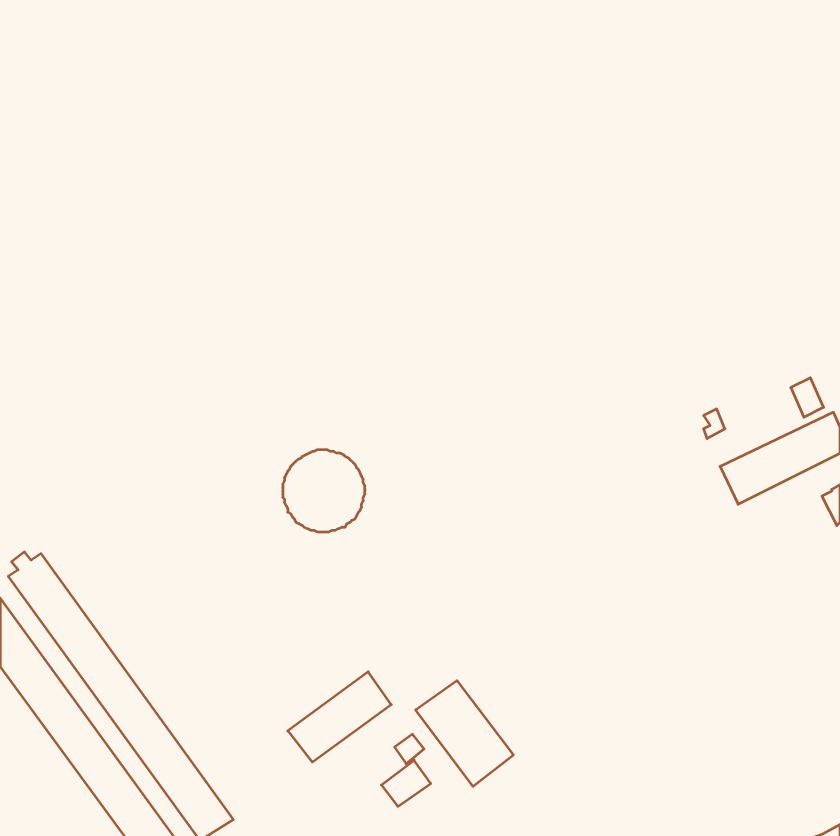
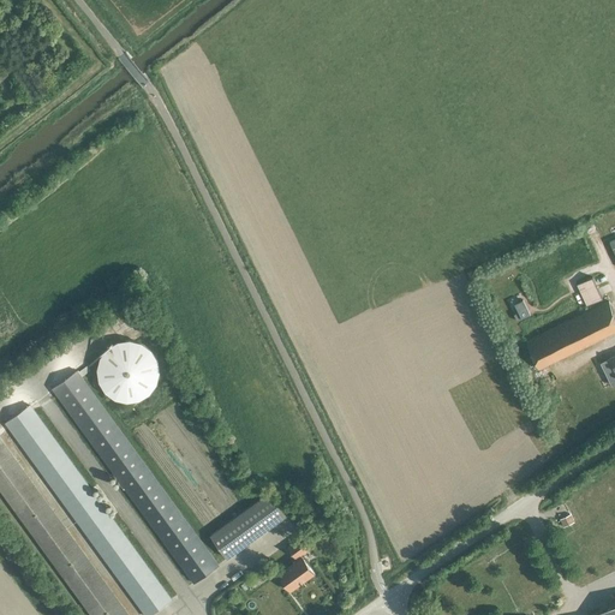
building: [283,450,365,532] -> [98,342,159,402]
building: none -> [53,372,217,585]
building: [416,681,513,786] -> none

